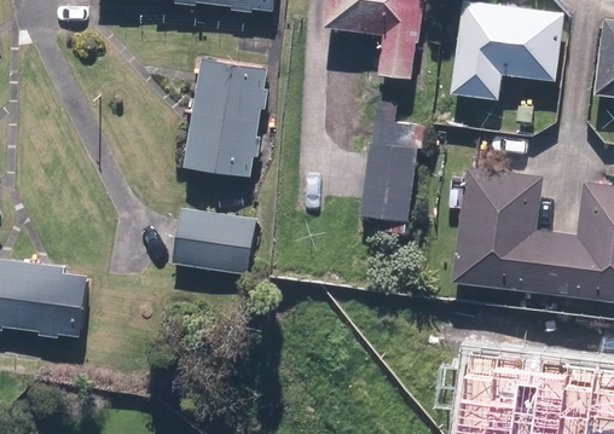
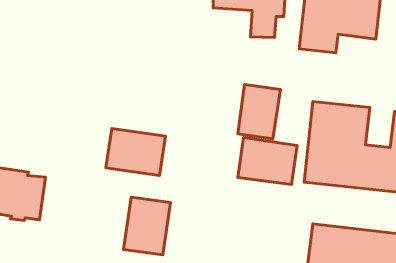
building: [183,58,266,178] -> none
building: none -> [238,138,297,185]
building: none -> [124,197,170,255]

